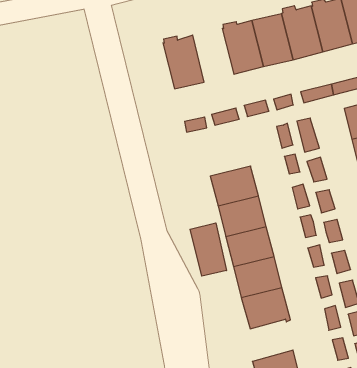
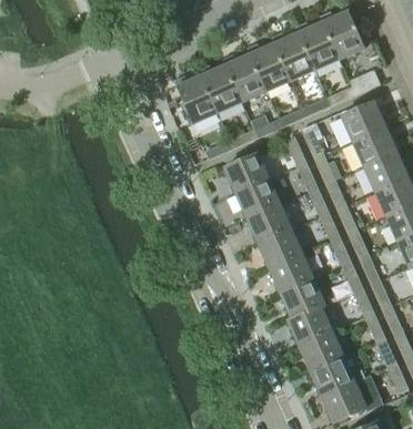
building: none -> [200,64,241,113]
building: none -> [224,153,269,193]
building: [190,223,226,276] -> none
building: none -> [288,305,332,346]

